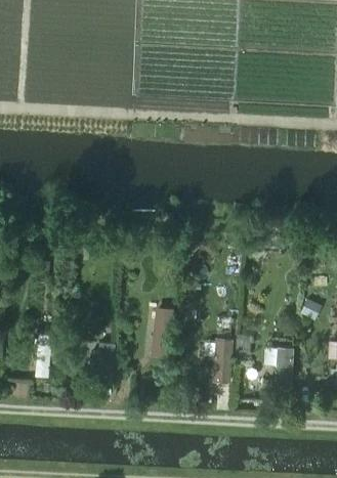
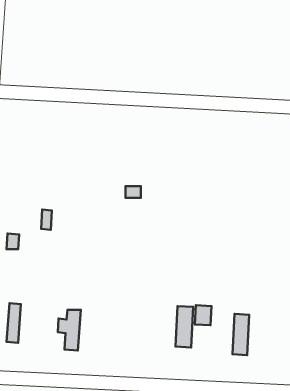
building: [151,309,173,358] -> none

